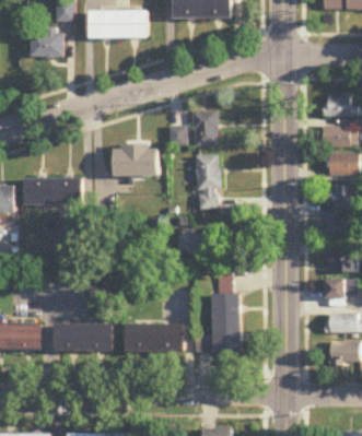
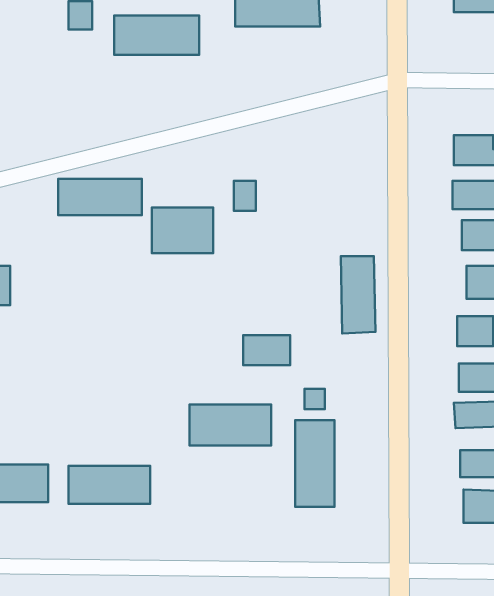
building: [28,27,61,57] -> none
building: [192,111,215,145] -> none
building: [196,155,220,209] -> [341,256,375,333]
building: [23,178,81,203] -> [58,179,142,215]
building: [125,323,182,352] -> [189,405,271,446]

